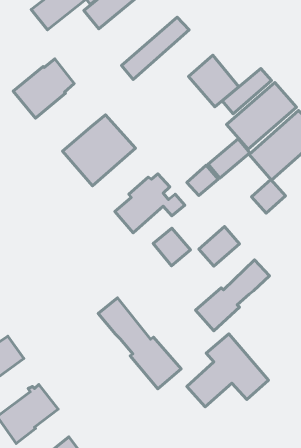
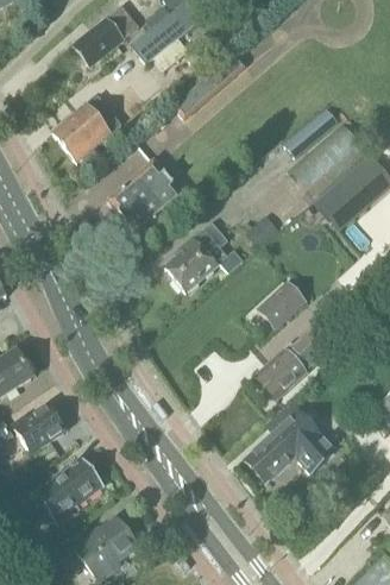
building: [188,55,239,107] -> none
building: [208,139,250,178] -> none
building: [251,179,285,213] -> none
building: [153,228,190,266] -> none
building: [98,298,181,389] -> none

